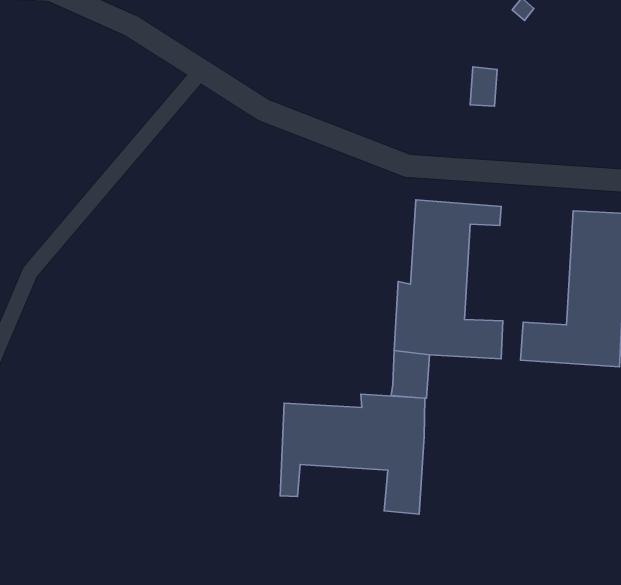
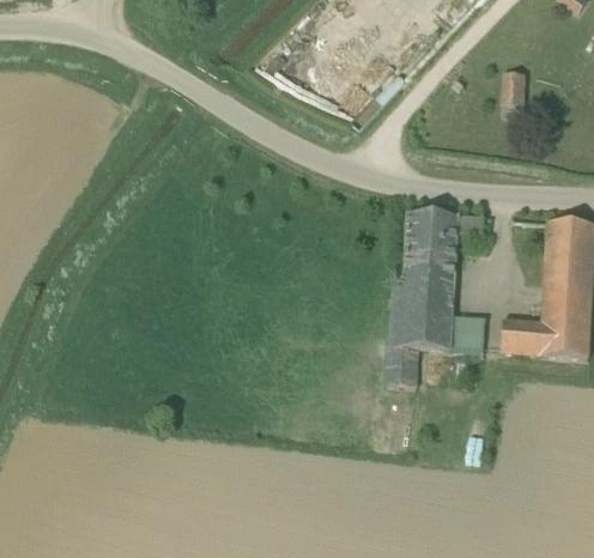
building: [470,67,497,106] -> [502,69,526,104]
building: [280,394,425,514] -> none

